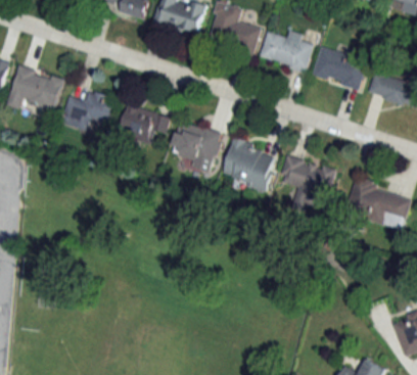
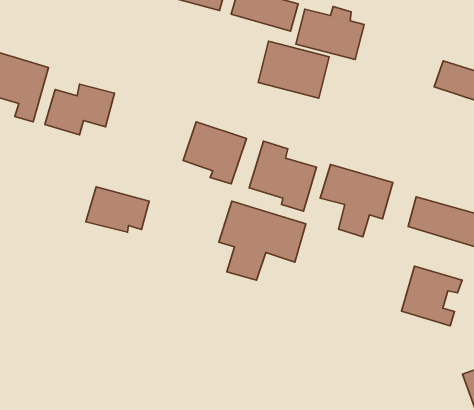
building: [311,44,367,89] -> [258,41,329,98]
building: [119,104,169,140] -> [86,187,149,232]
building: none -> [219,201,306,280]
building: none -> [401,266,462,326]

